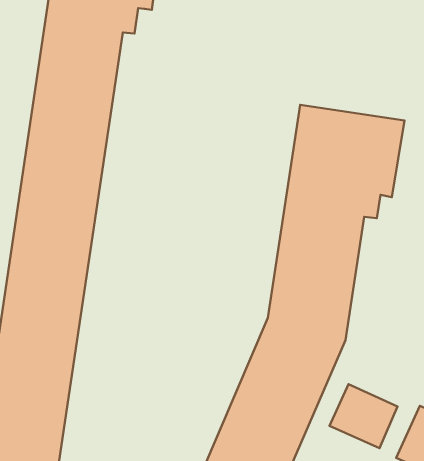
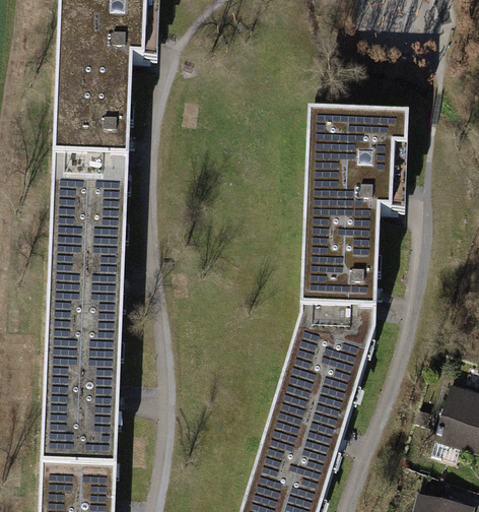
building: [330,384,397,448] -> none

